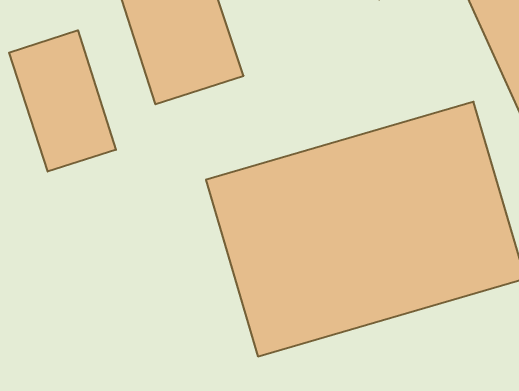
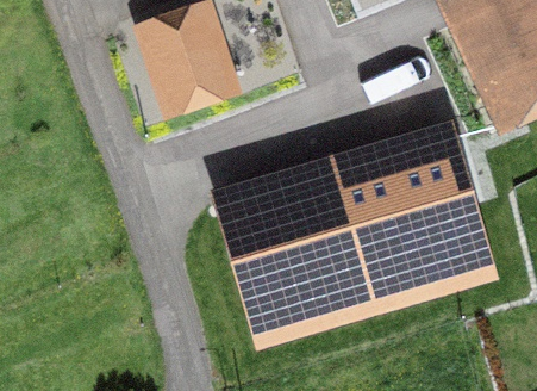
building: [9,30,116,172] -> none

